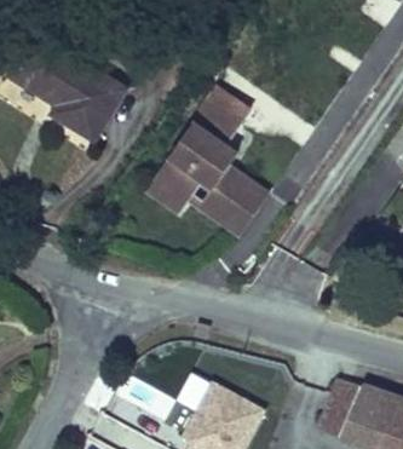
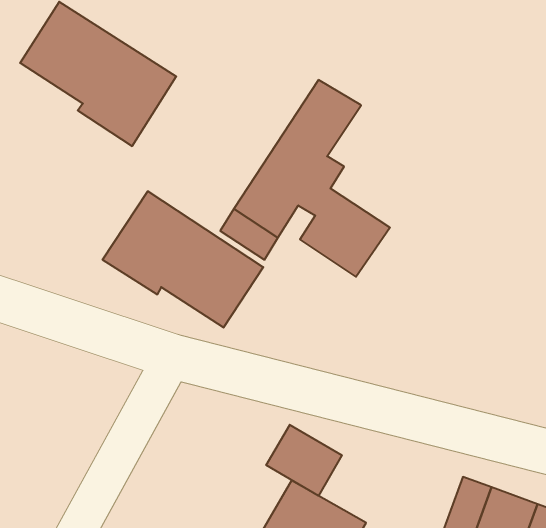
building: none -> [103,191,263,328]
building: none -> [266,425,342,496]

